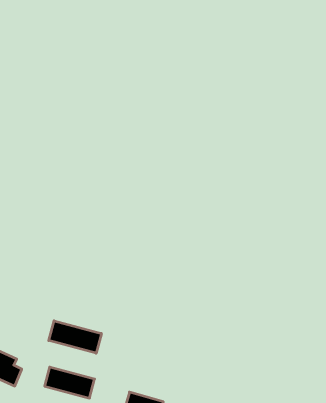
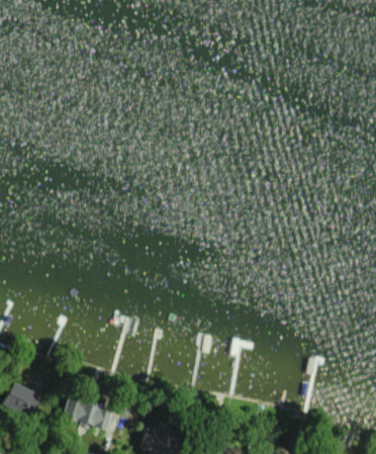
building: [49,321,101,353] -> none

